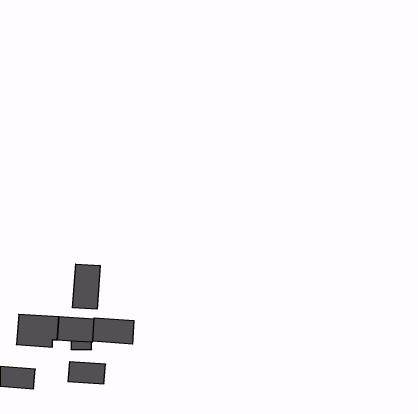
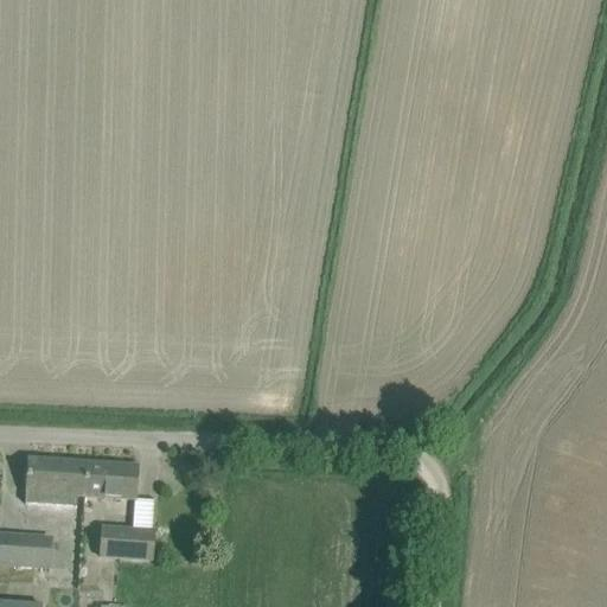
building: [73,264,100,309] -> none
building: [93,318,134,344] -> none

